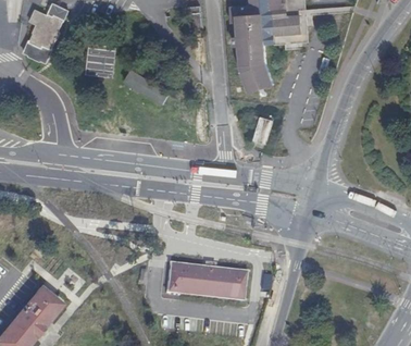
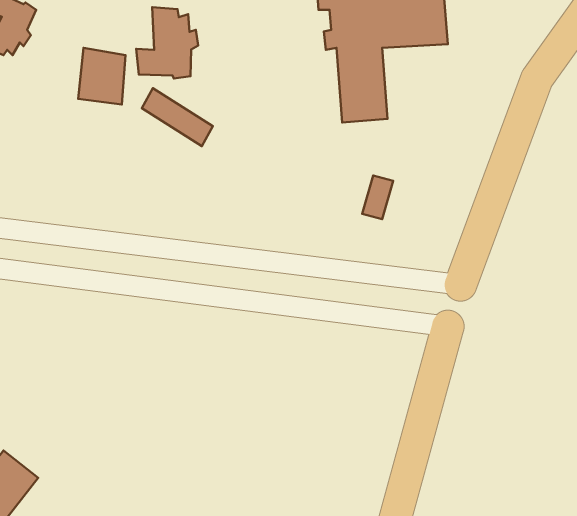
building: none -> [136,7,198,78]
building: [165,262,244,299] -> none

